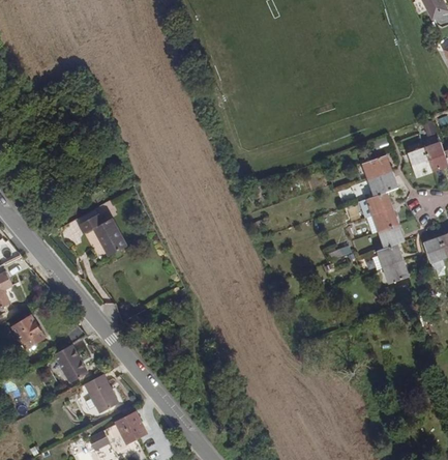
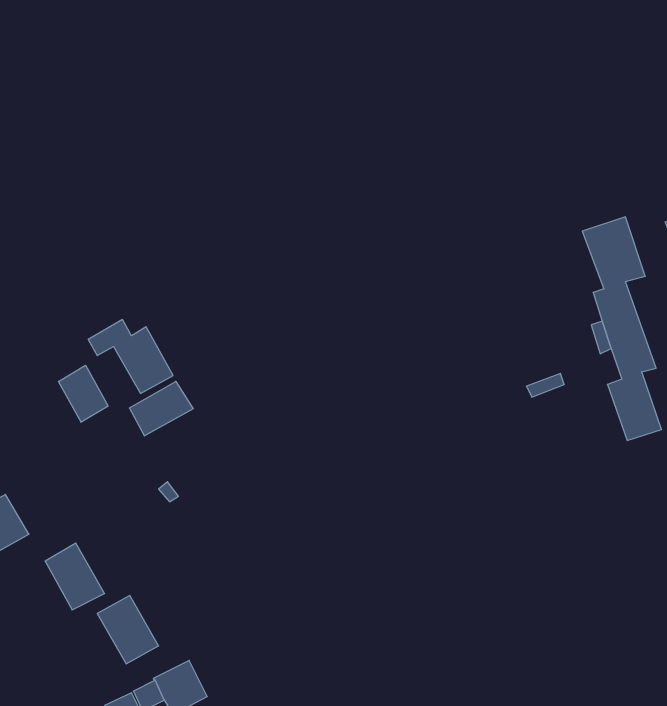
building: none -> [58,365,108,422]
building: none -> [129,381,193,436]

